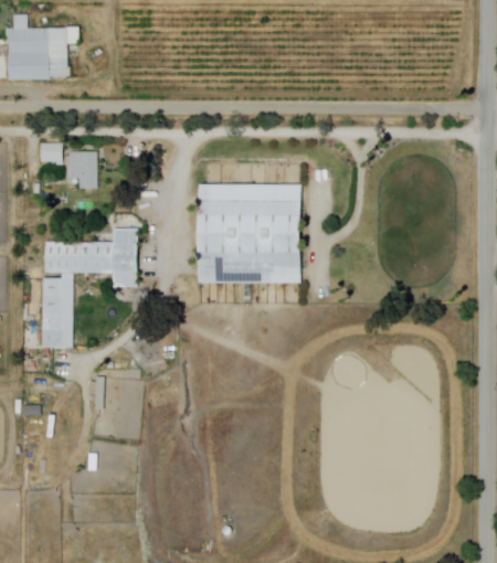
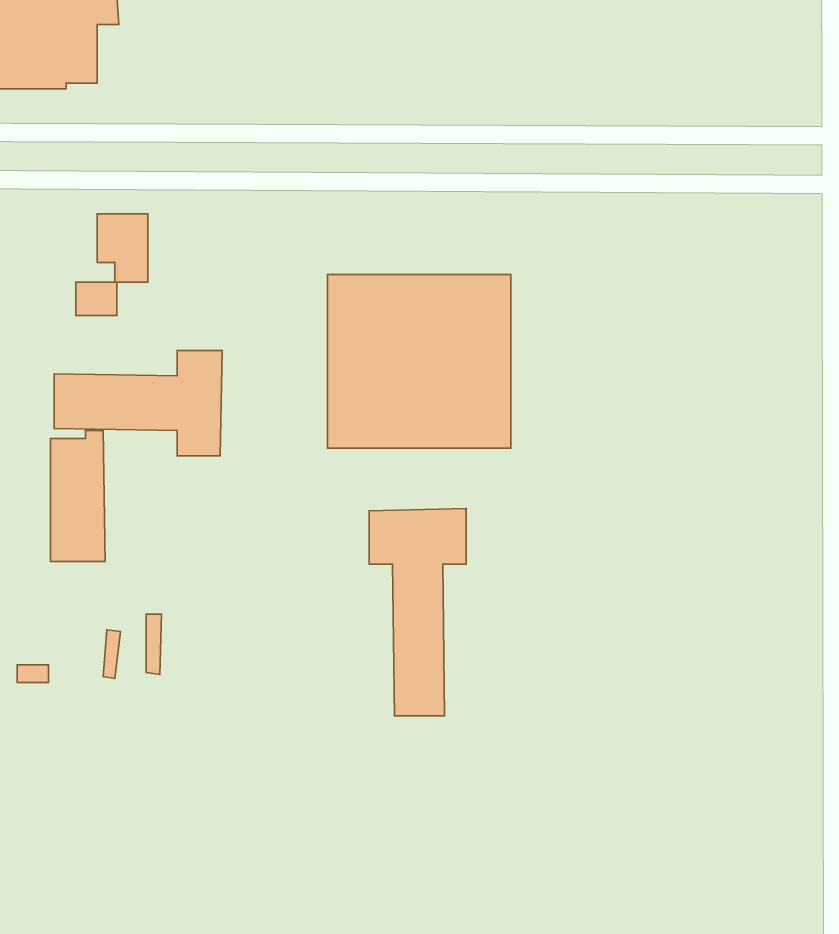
building: [39,142,62,161] -> [76,282,117,315]
building: none -> [369,509,466,716]

